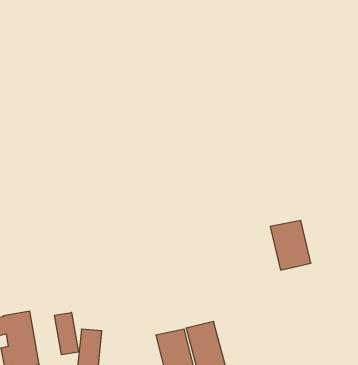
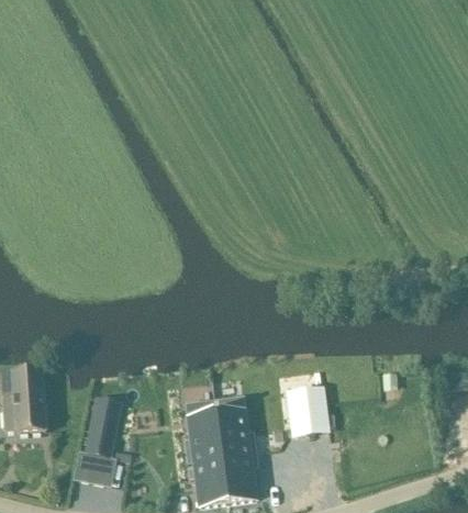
building: [270,220,311,270] -> [286,380,327,434]
building: [55,312,78,355] -> none

